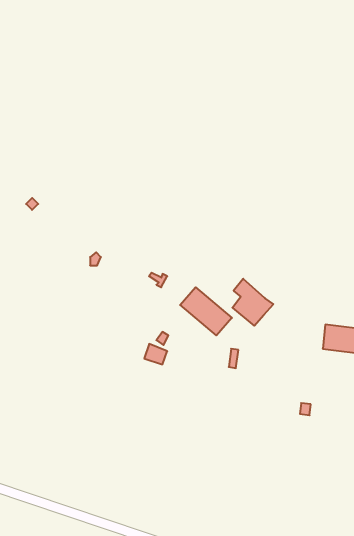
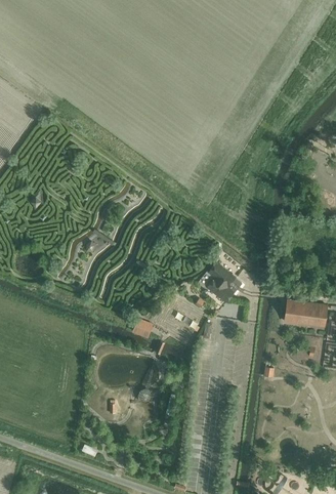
building: [180,287,232,335] -> none

